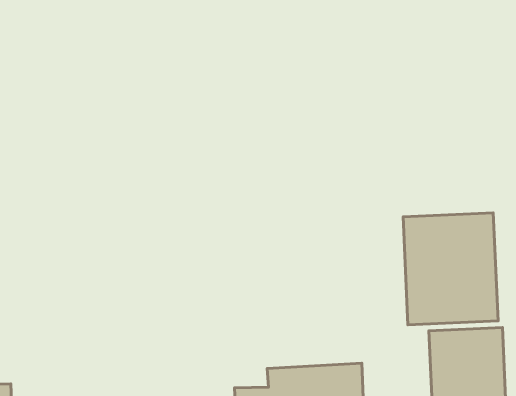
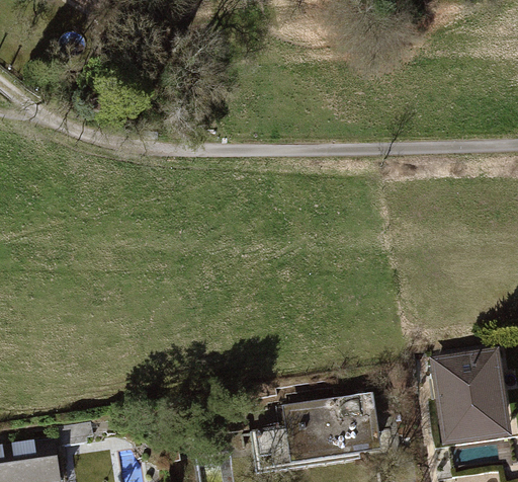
building: [403,213,498,325] -> none

